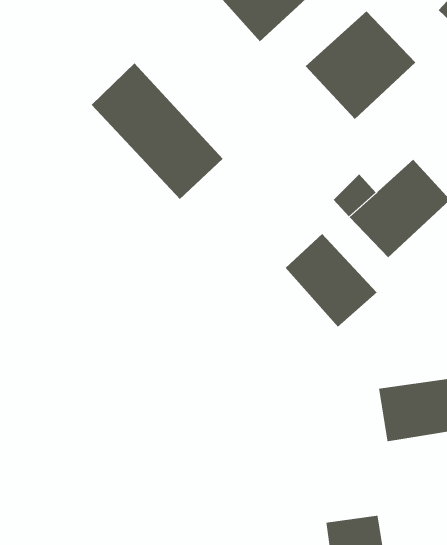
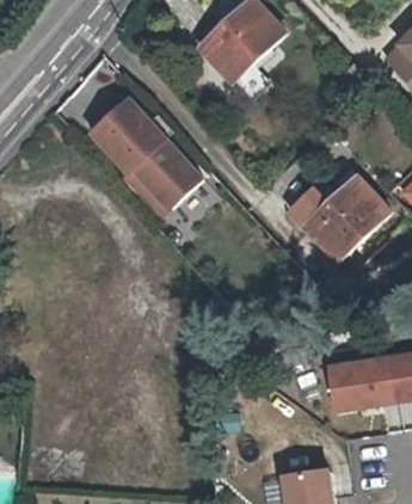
building: [305,11,416,120] -> none
building: [285,233,377,327] -> none

